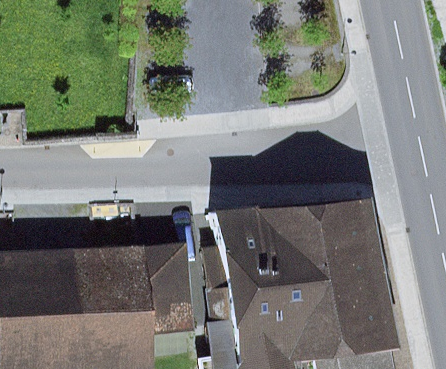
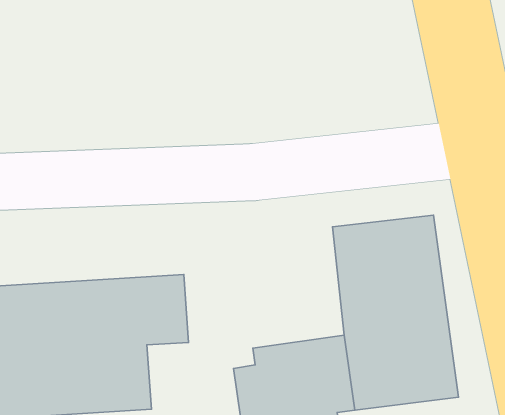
building: [211,210,301,312] -> none

